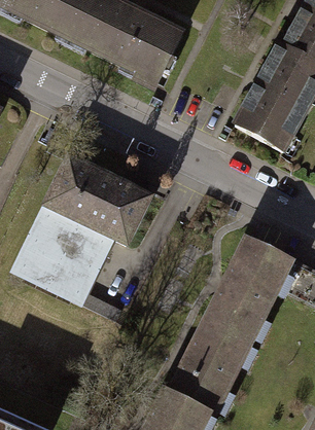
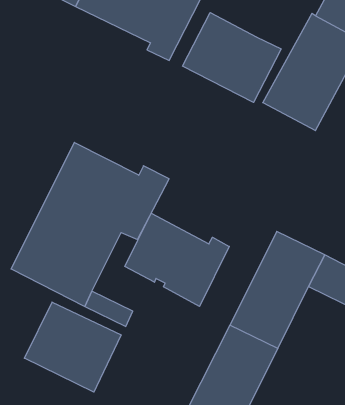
building: none -> [183,13,281,102]
building: none -> [125,213,229,306]
building: none -> [24,302,121,392]

